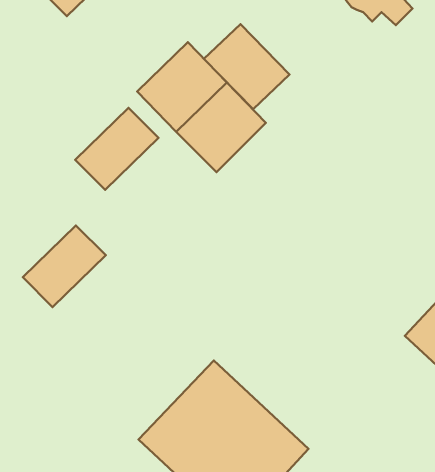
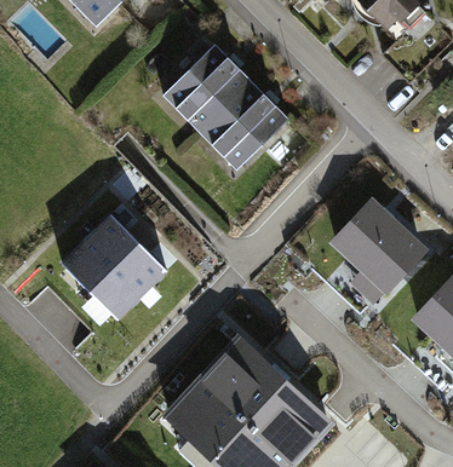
building: [204,24,289,109] -> none
building: [75,108,158,190] -> [88,243,166,319]
building: none -> [336,204,422,289]

